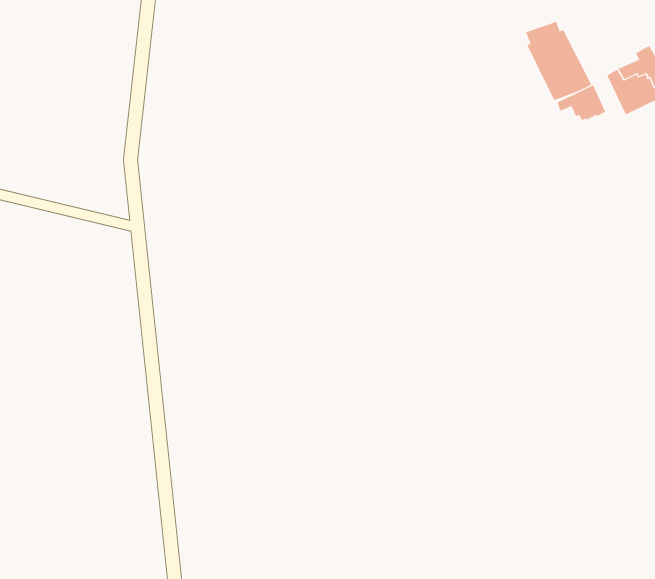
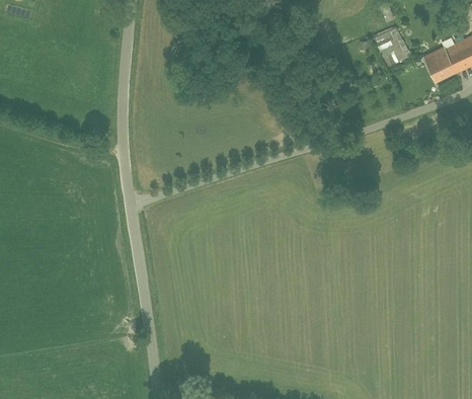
building: [557,85,606,121] -> none

